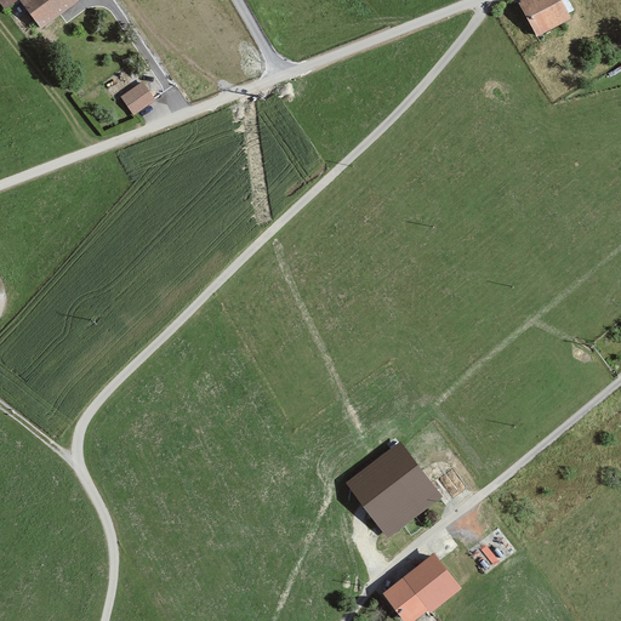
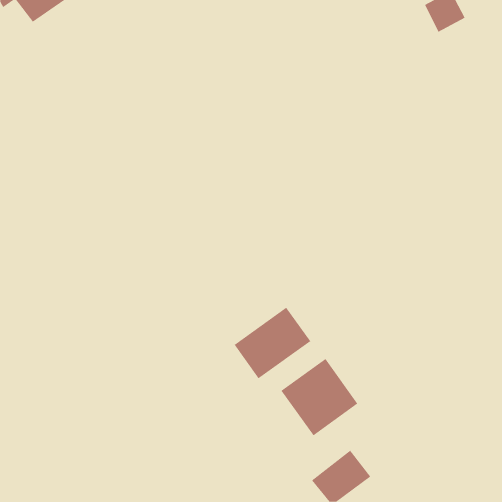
building: [120,82,155,116] -> none
building: none -> [234,307,311,379]

